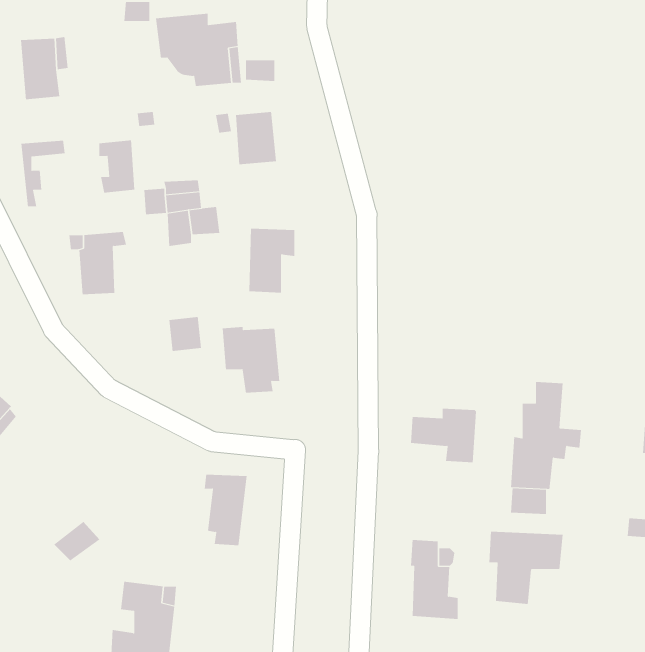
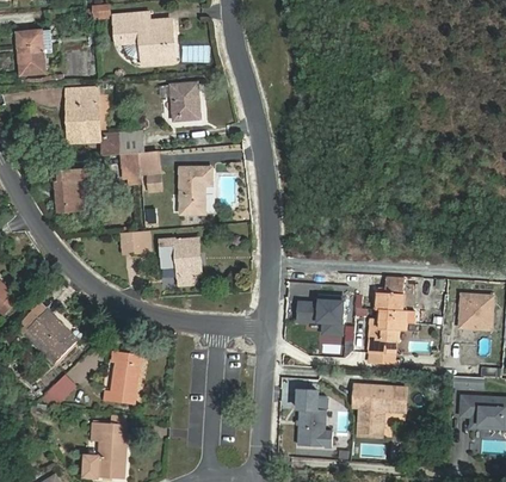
building: [20,140,65,207] -> [64,93,97,141]
building: none -> [25,309,76,360]
building: [204,474,247,546] -> [110,352,141,403]

